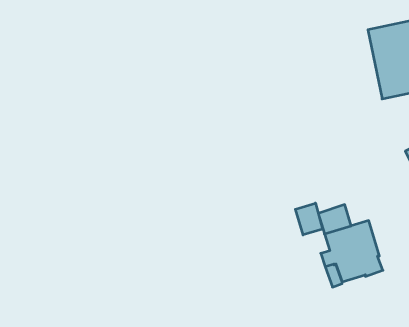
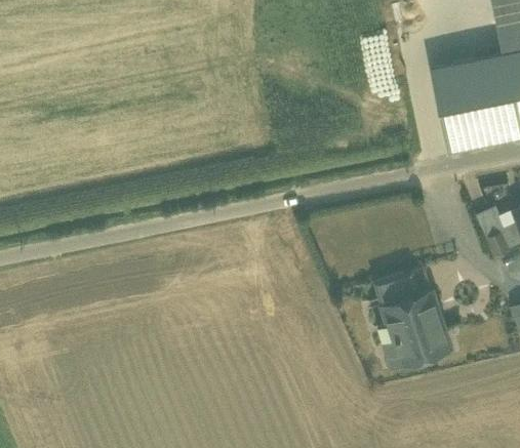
building: [295,203,322,235] -> none

